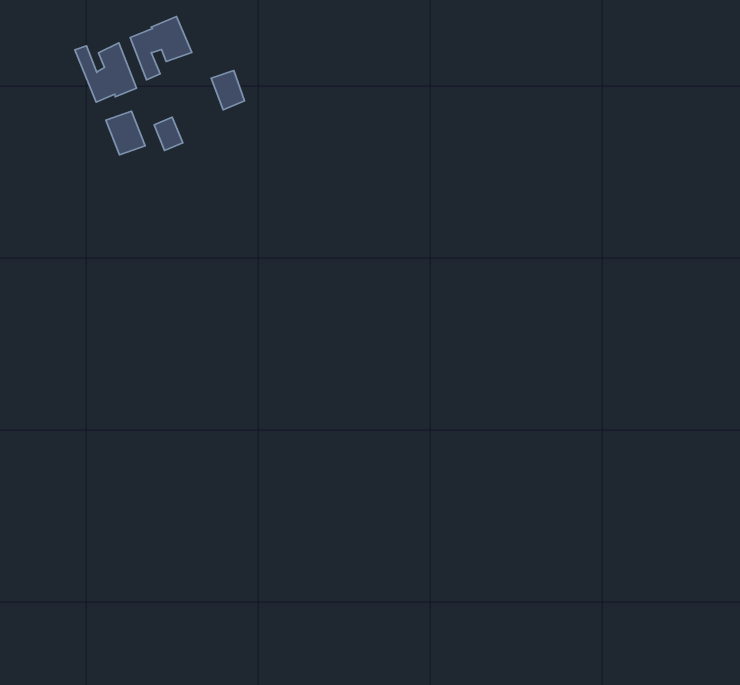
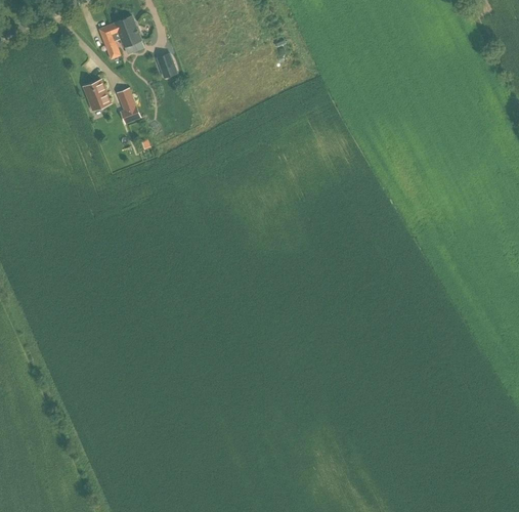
building: [75,43,137,102] -> none

